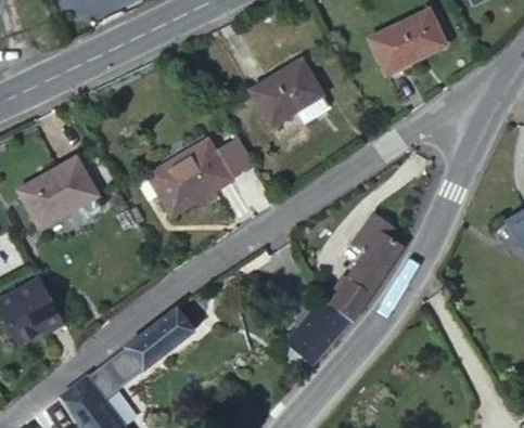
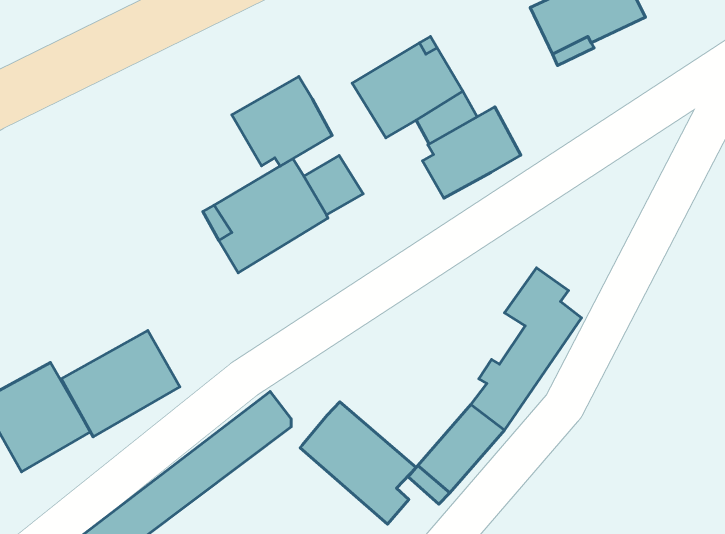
building: none -> [232,77,332,166]
building: none -> [422,107,521,198]
building: [17,157,98,229] -> [61,331,180,437]
building: none -> [300,402,416,524]

